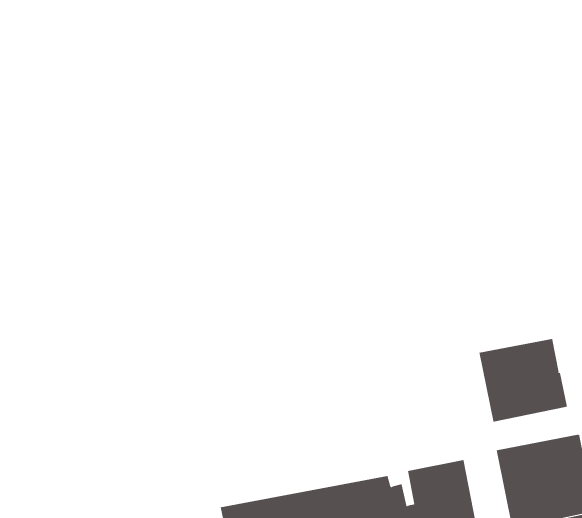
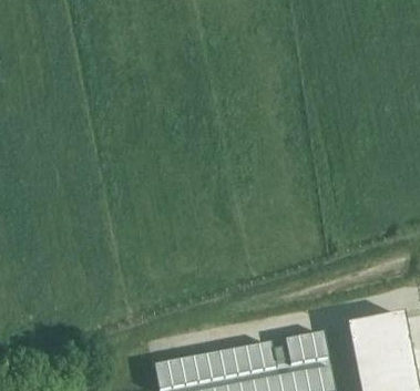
building: [479,338,567,423] -> none

